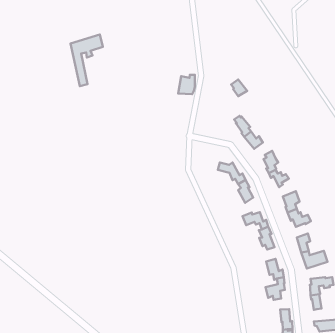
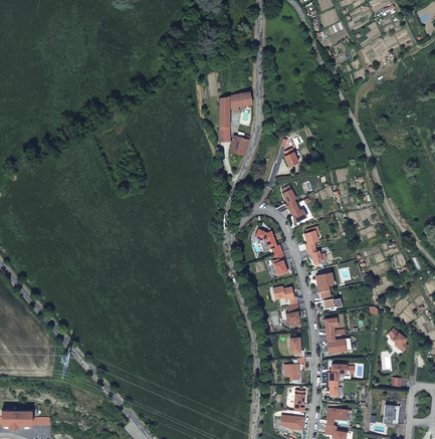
building: [71,34,103,86] -> [220,92,252,142]

